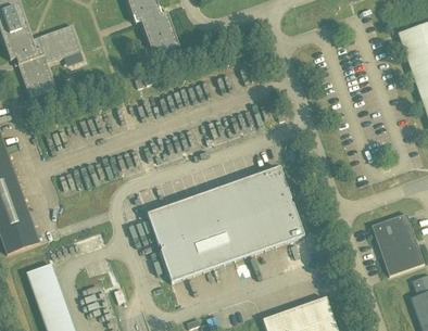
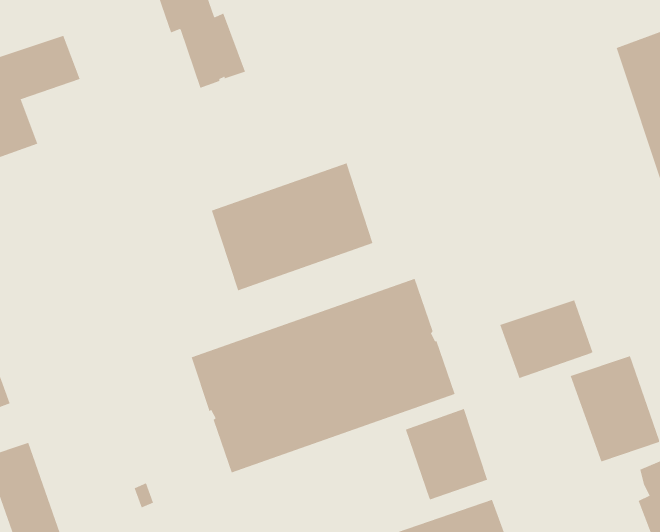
building: none -> [211,163,373,291]
building: none -> [499,300,593,379]
building: none -> [405,408,488,500]

